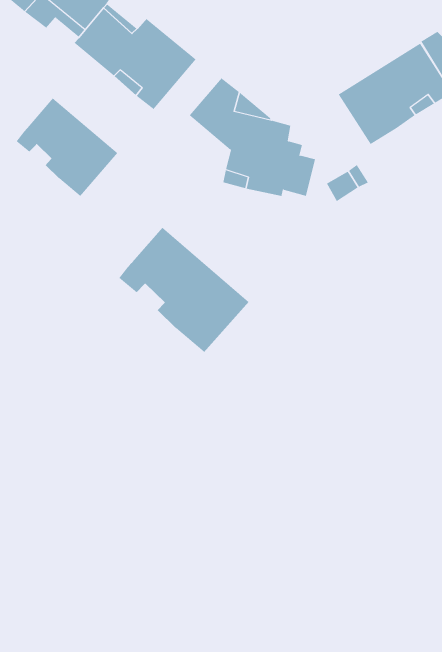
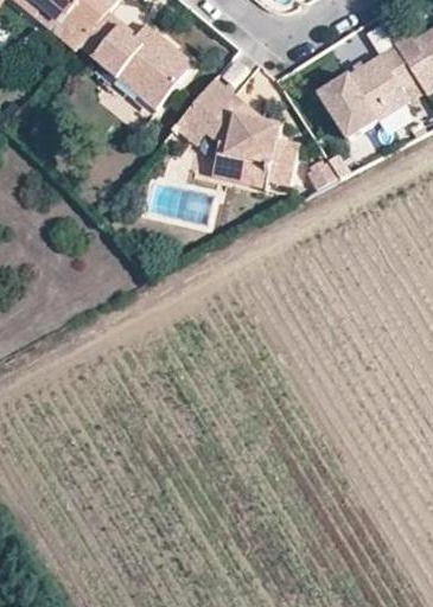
building: [16,98,118,197] -> none
building: [119,227,249,353] -> none

